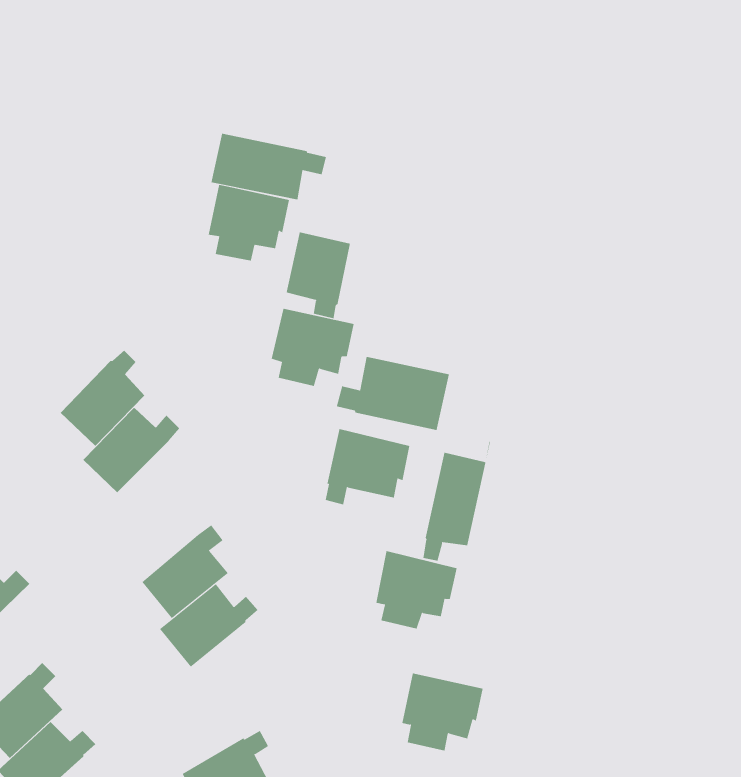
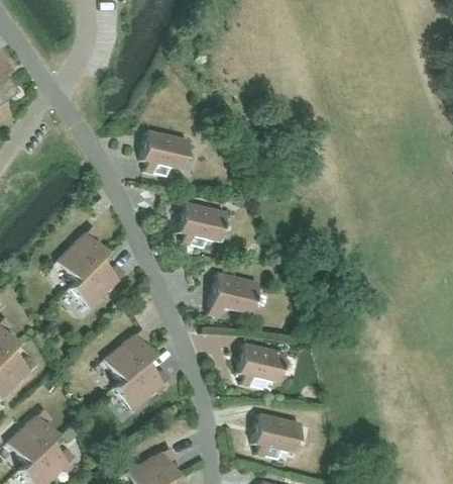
building: [211,133,327,204] -> none
building: [283,231,351,319] -> none
building: [336,352,450,431] -> none
building: [423,440,491,561] -> none

